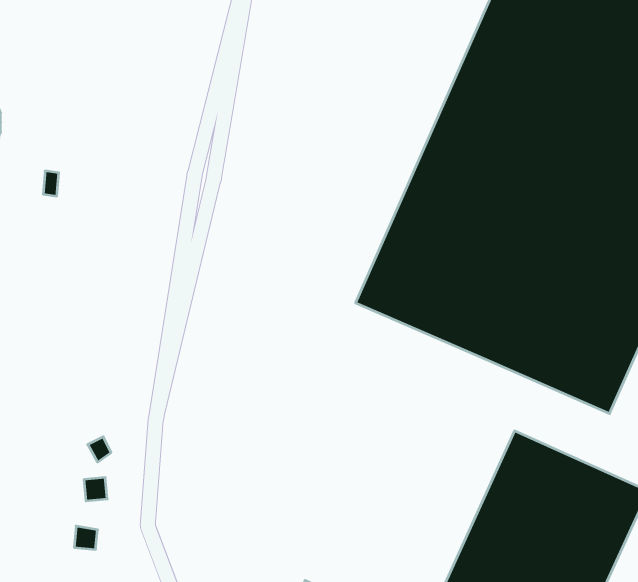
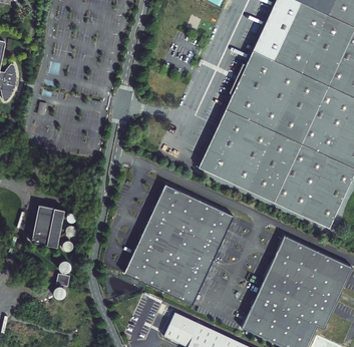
building: none -> [123,184,233,306]
building: none -> [31,205,65,248]

